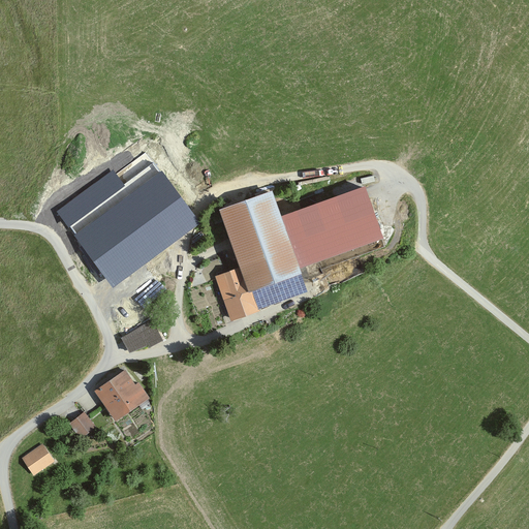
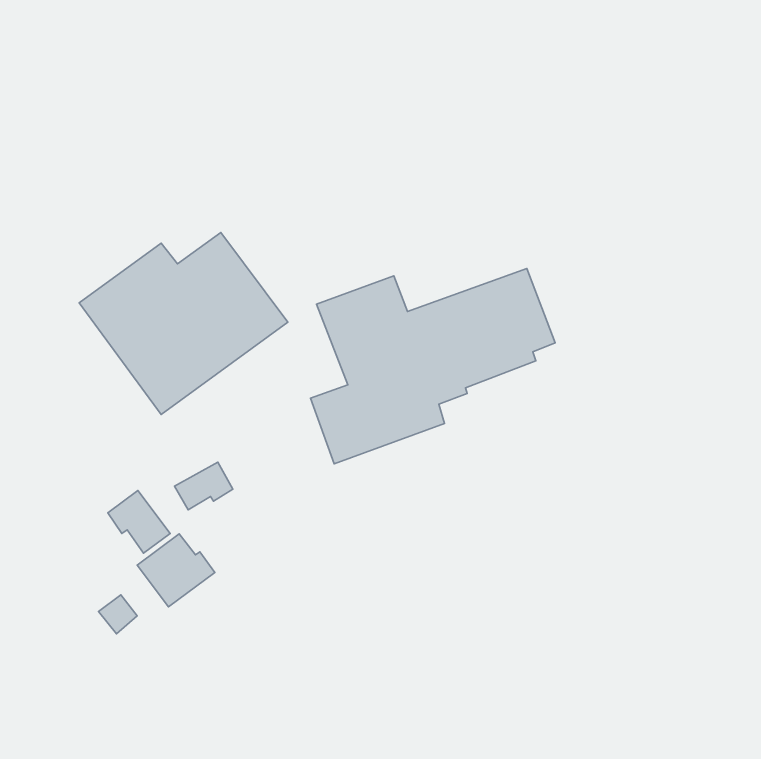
building: none -> [108,490,170,553]
building: [21,443,54,476] -> none

